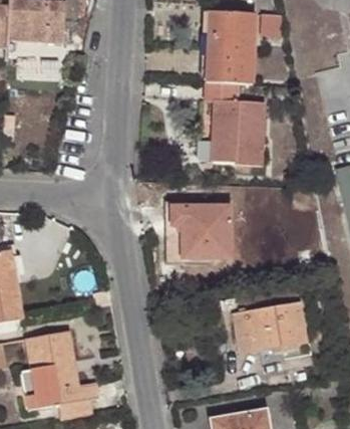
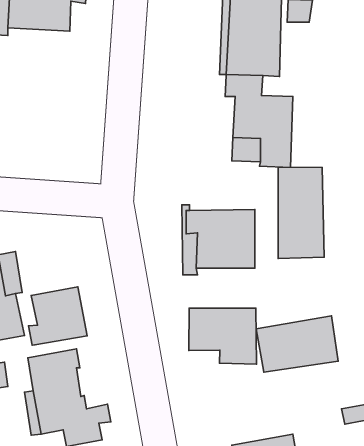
building: none -> [278,167,324,259]
building: none -> [28,287,87,345]
building: none -> [189,308,256,364]

